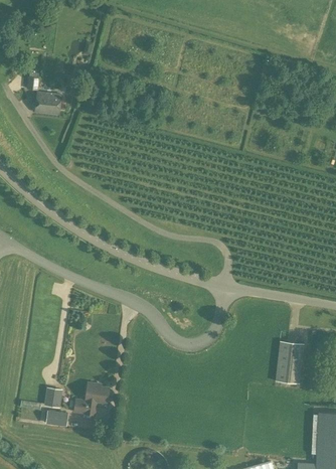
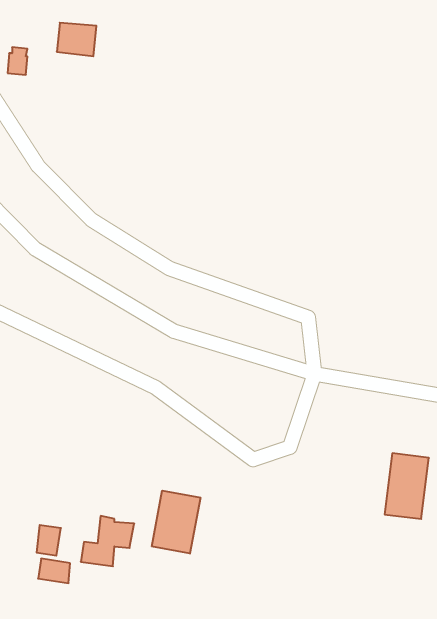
building: [35,93,61,115] -> [57,23,96,56]
building: none -> [152,491,200,554]

